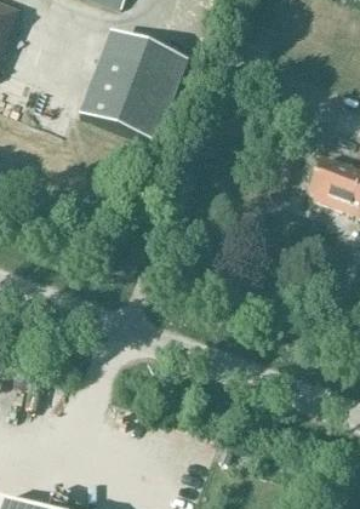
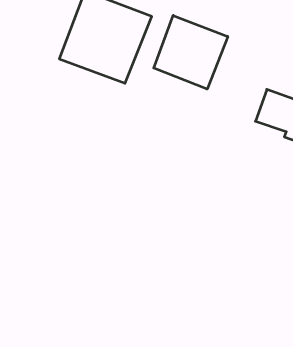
building: none -> [154,15,228,89]

